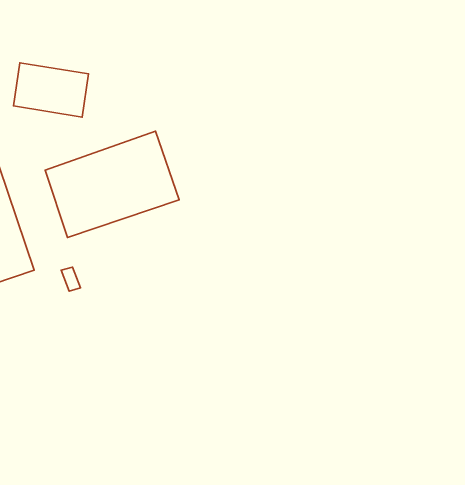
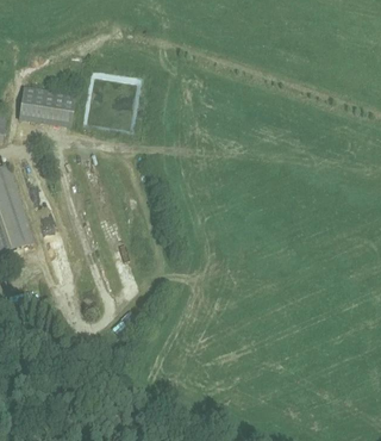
building: [45,131,179,237] -> none

